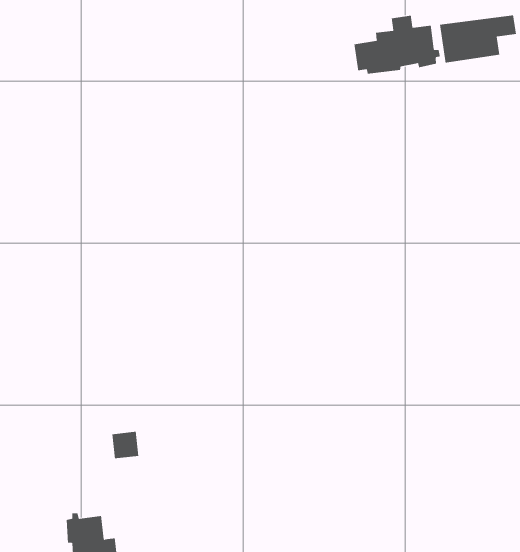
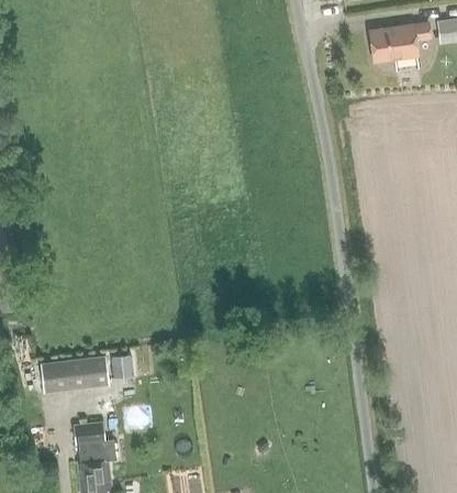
building: [354,15,440,74] -> none
building: none -> [42,357,111,390]

